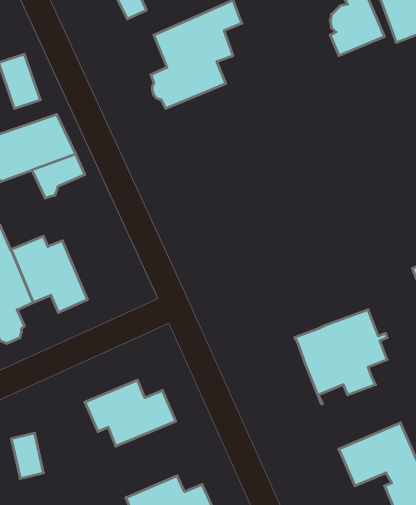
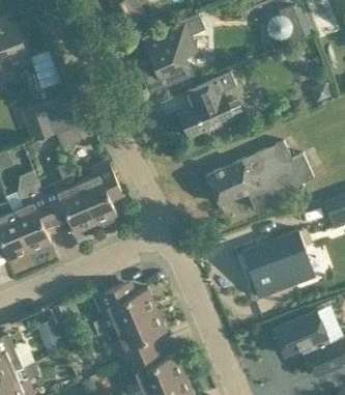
building: none -> [179,73,248,137]
building: none -> [207,140,315,208]
building: none -> [79,161,125,227]
building: none -> [114,310,167,364]

